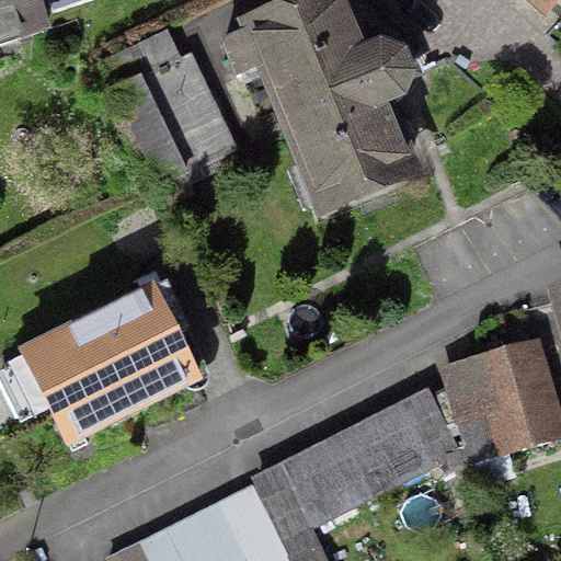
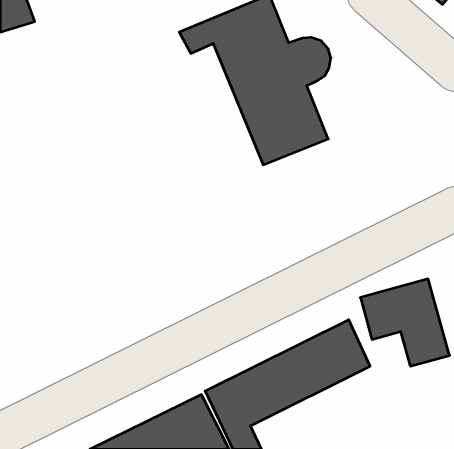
building: [100,33,229,185] -> none
building: [23,249,208,440] -> none

